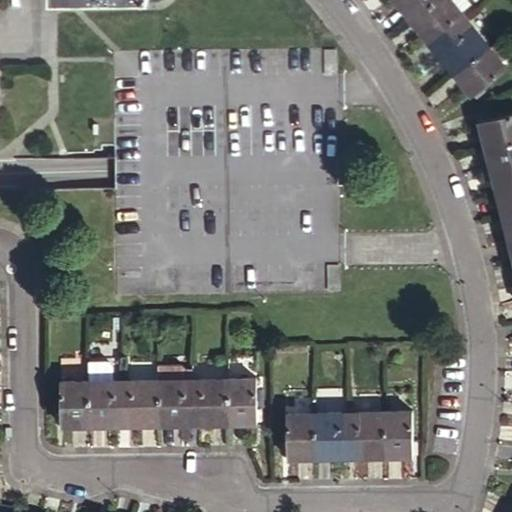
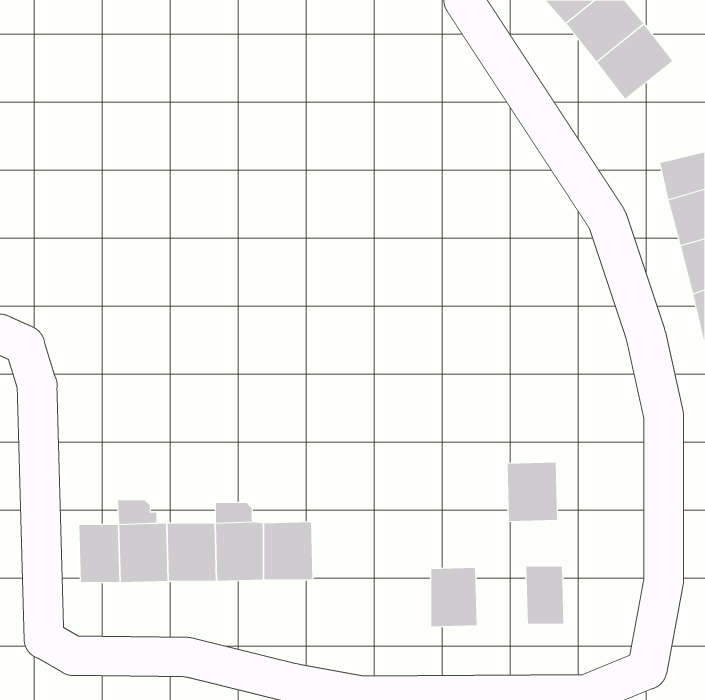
building: [453,48,506,98] -> none
building: [226,382,255,424] -> none
building: [345,414,382,457] -> [507,462,558,521]
building: [283,416,312,458] -> none

